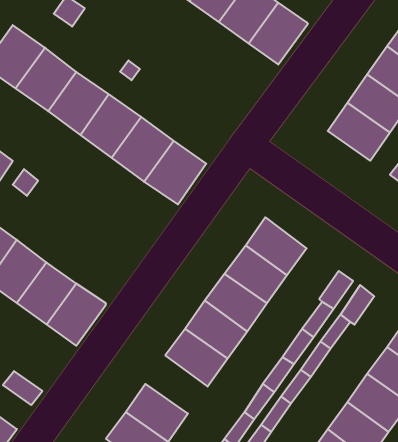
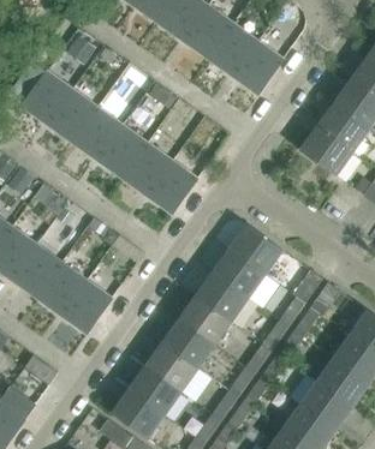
building: none -> [145,342,198,391]

